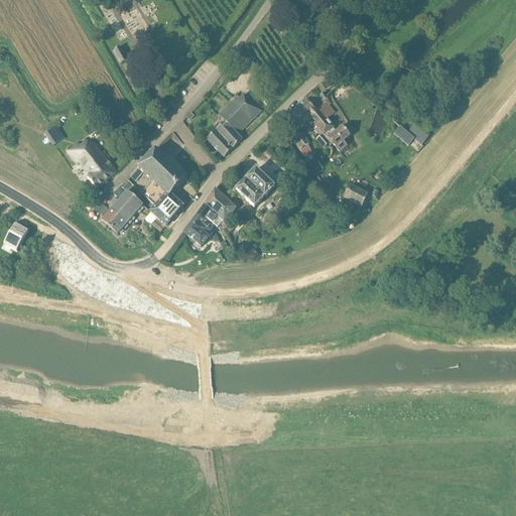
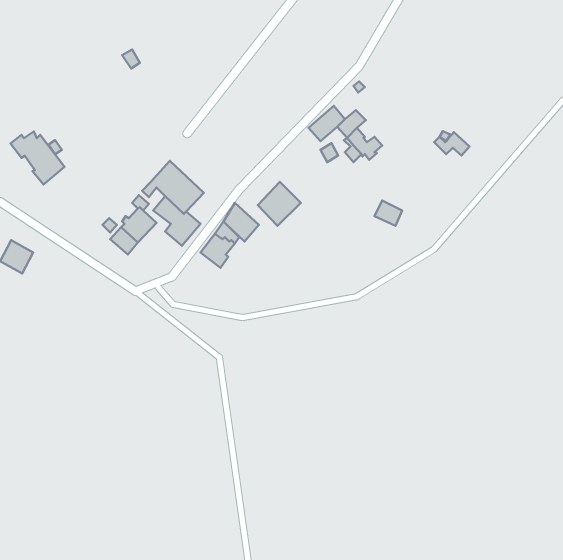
building: [207,93,262,156] -> none
building: [67,138,116,186] -> [11,132,65,184]

